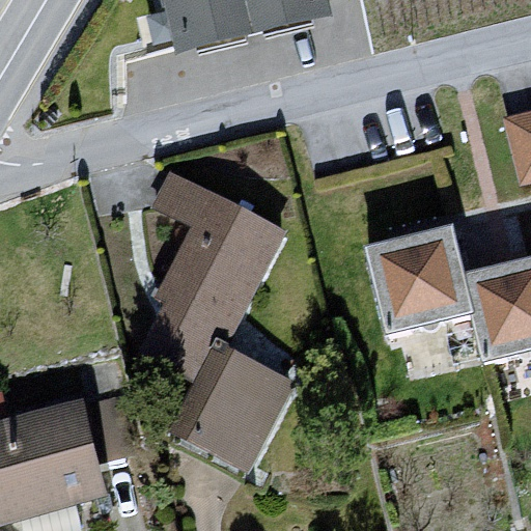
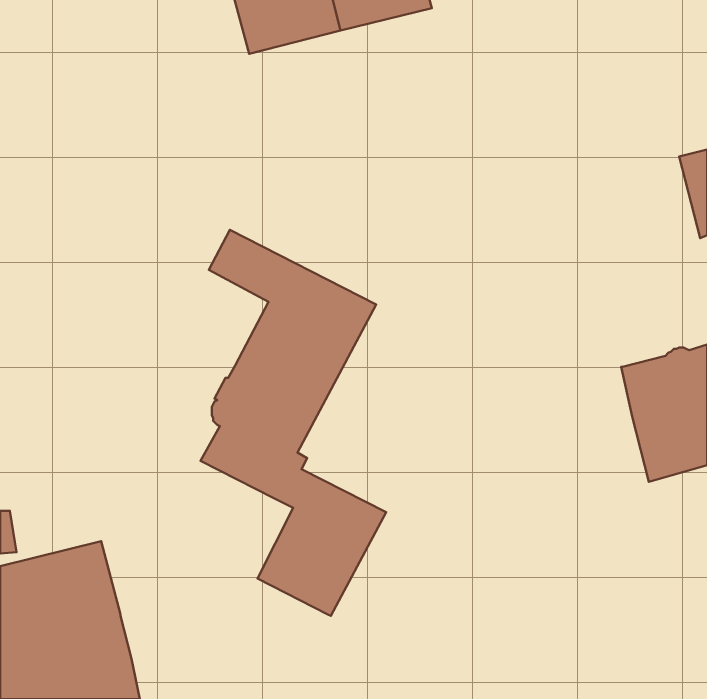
building: [369,226,474,333] -> none

